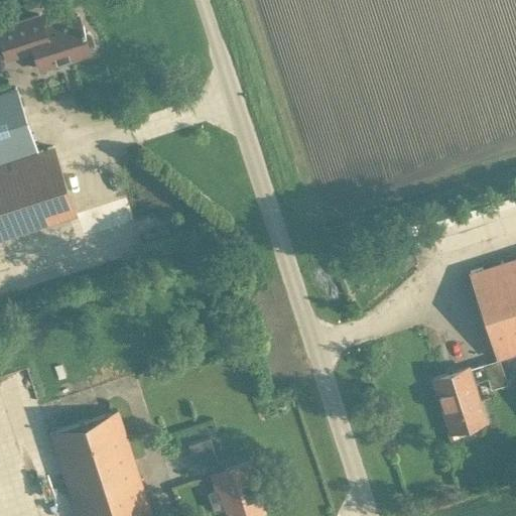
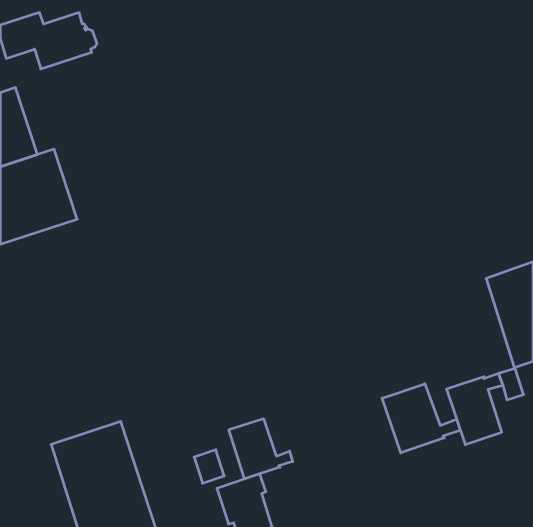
building: none -> [382,384,460,453]
building: none -> [229,419,293,479]

